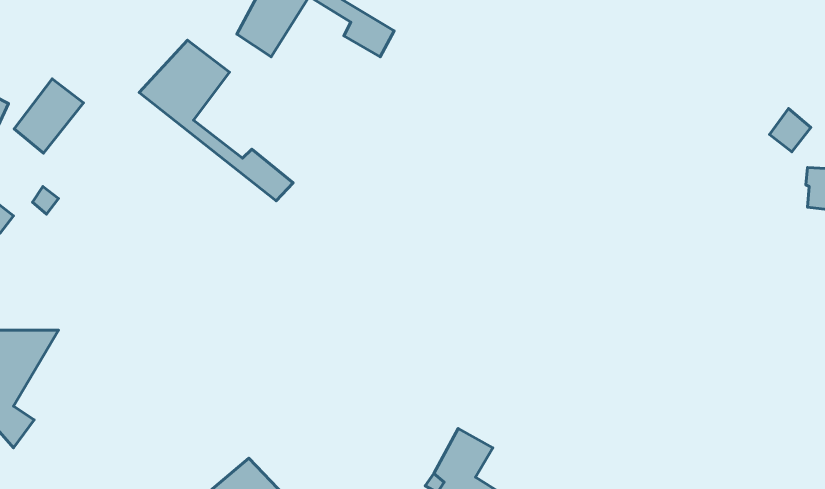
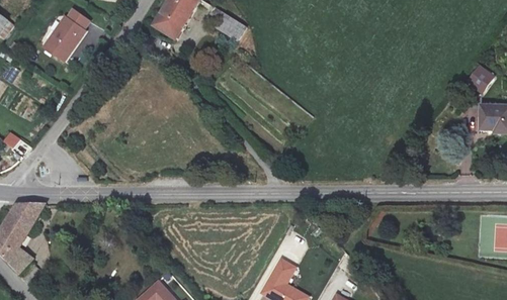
building: [139,40,293,201] -> none
building: [14,79,83,153] -> [45,14,85,58]

